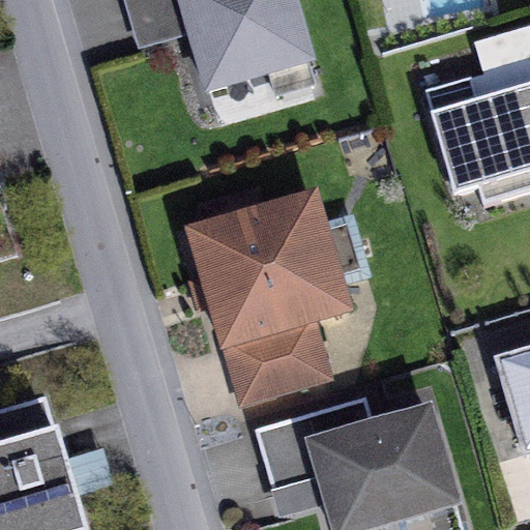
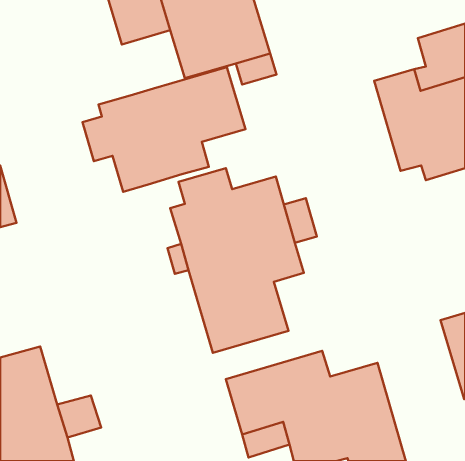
building: none -> [82,67,245,192]

